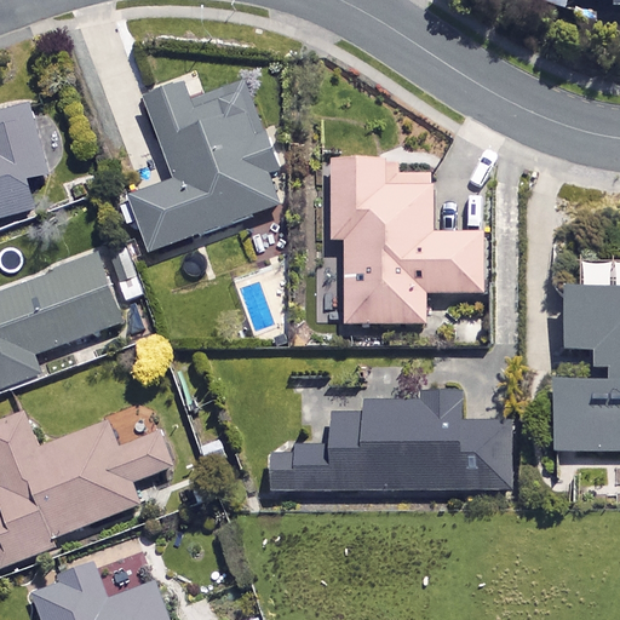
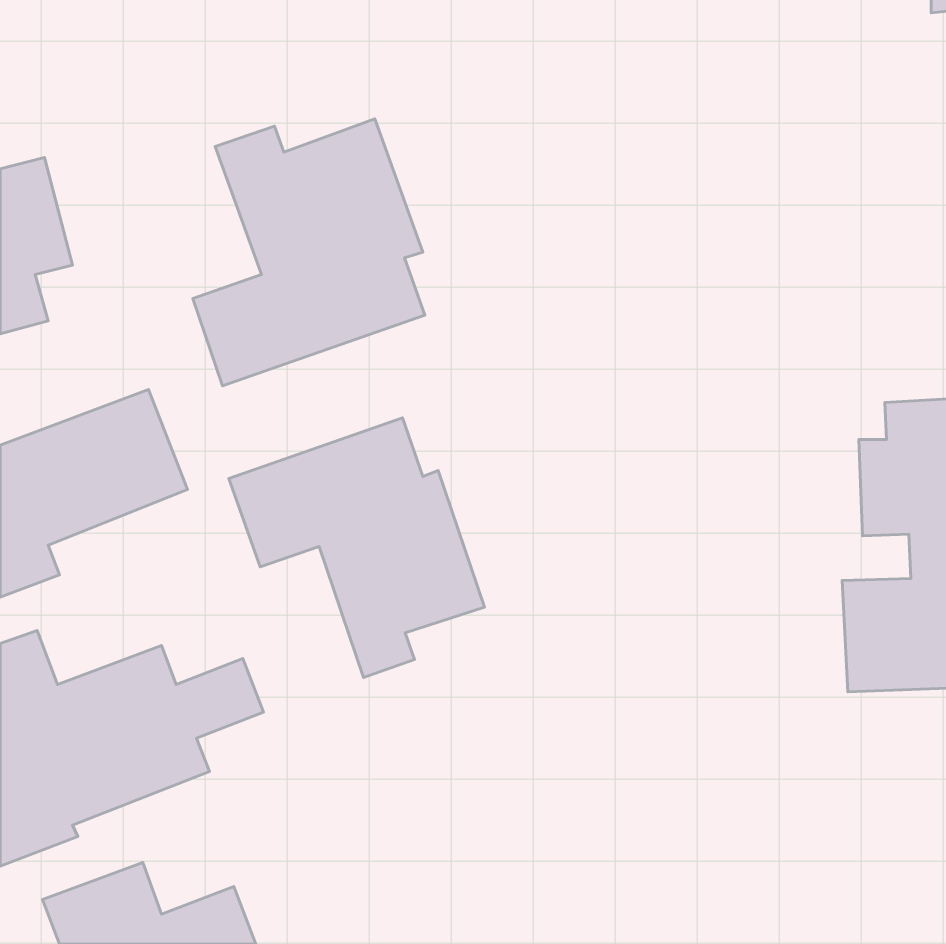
building: [329,157,486,323] -> none
building: none -> [229,418,484,678]
building: [270,390,513,490] -> none

